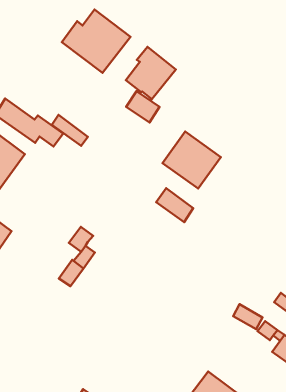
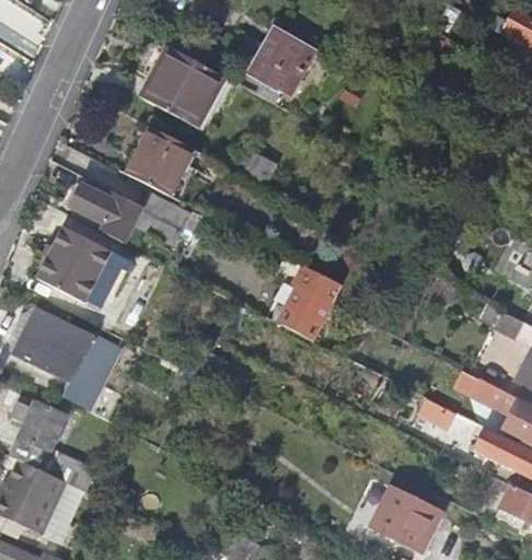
building: [126,47,176,99] -> [254,30,315,95]
building: none -> [128,129,194,196]
building: [163,132,221,189] -> none
building: none -> [288,289,329,340]

